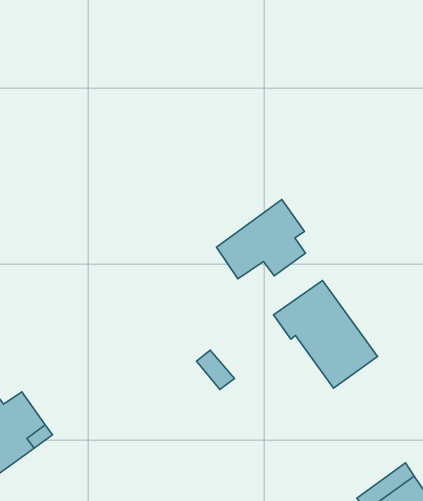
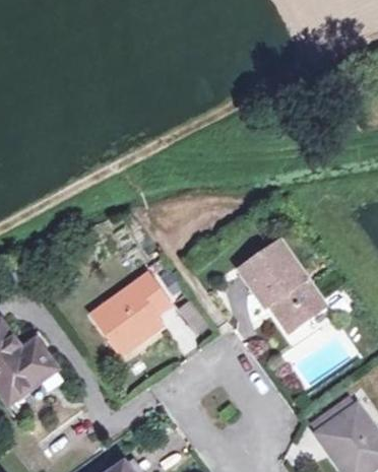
building: [216,200,305,279] -> none
building: none -> [91,273,170,354]

